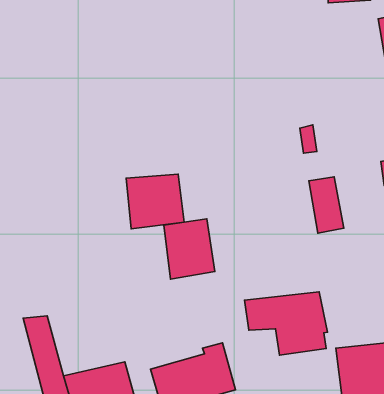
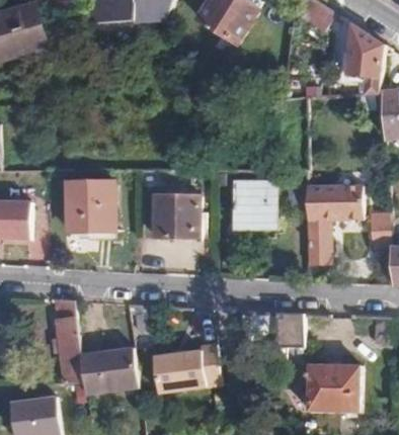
building: none -> [321,190,364,220]
building: none -> [67,181,119,232]
building: [164,219,215,279] -> [235,183,272,229]

